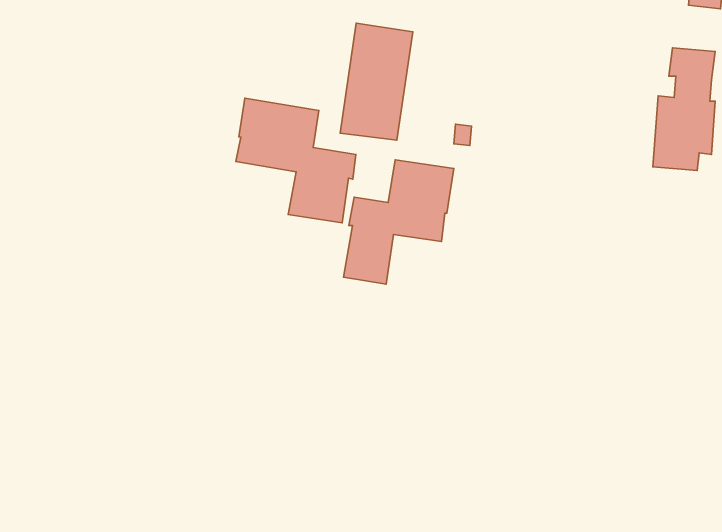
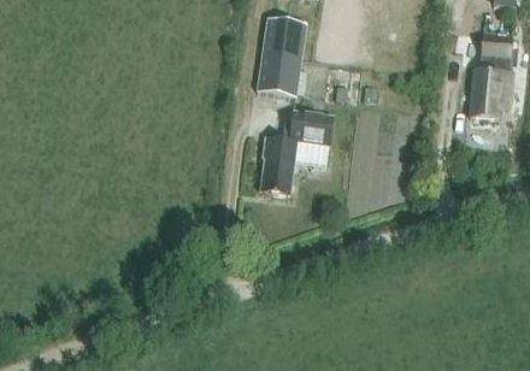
building: [236,98,356,223] -> none

